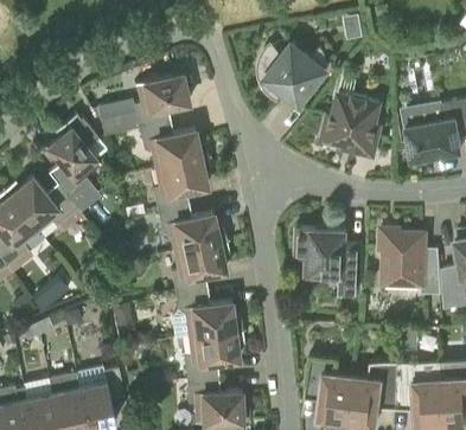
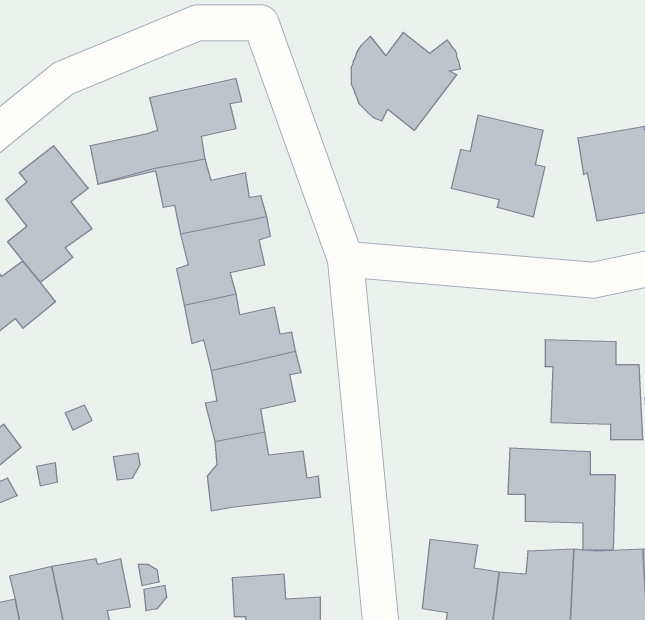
building: [295,229,362,291] -> [508,448,615,550]
building: [184,330,244,380] -> none

